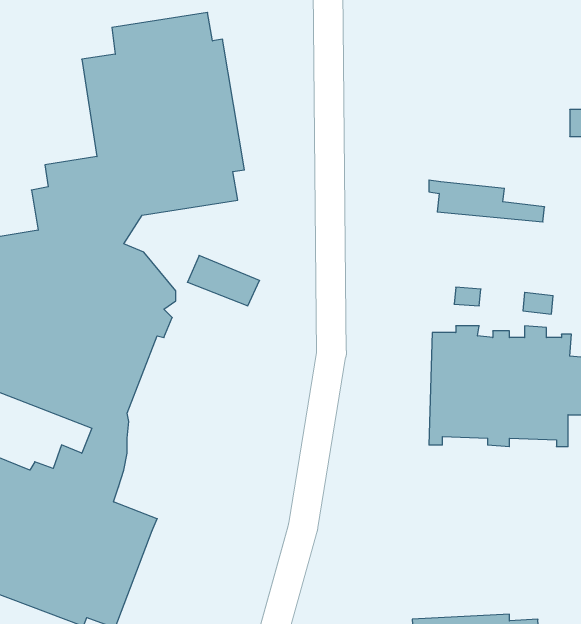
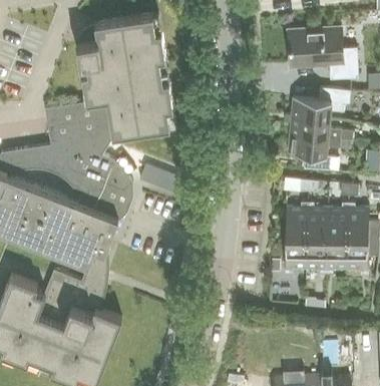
building: none -> [288,29,357,80]
building: none -> [291,88,350,121]
building: none -> [287,135,352,169]

